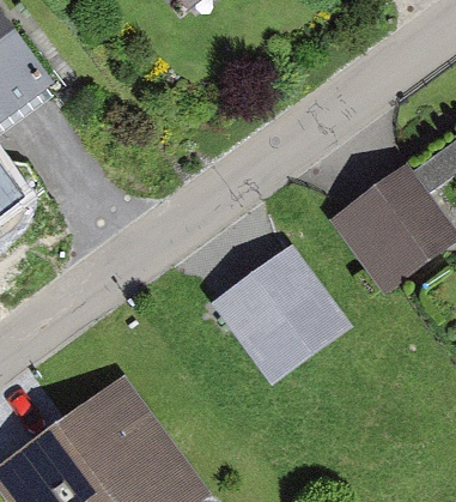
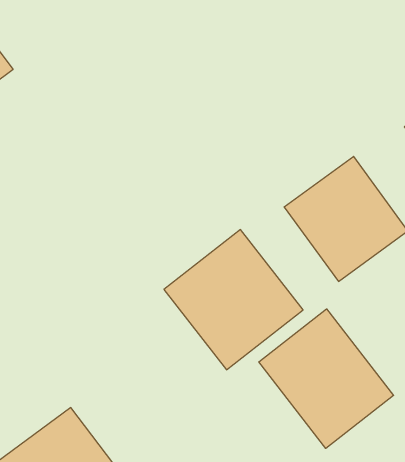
building: none -> [259,309,394,448]

